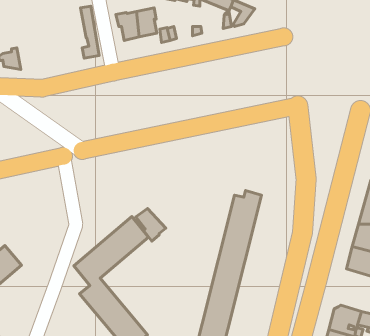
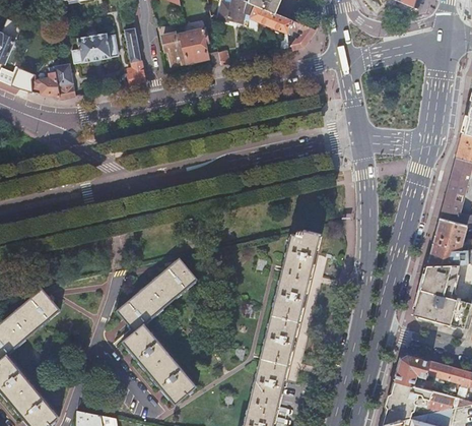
building: none -> [72,33,118,62]
building: none -> [53,64,75,100]
building: [136,209,166,241] -> none

